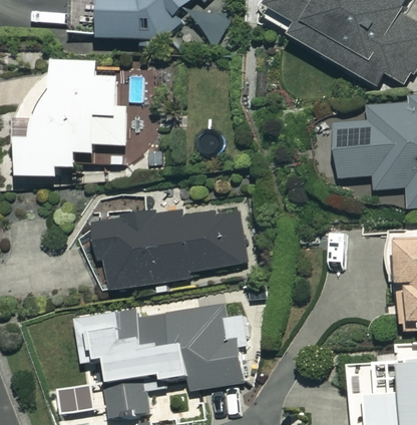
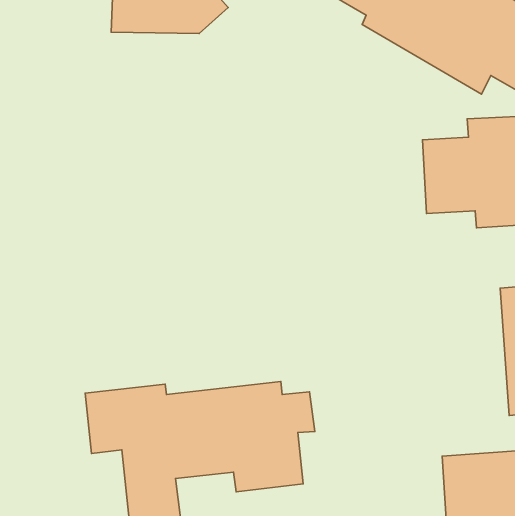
building: [14,60,125,175] -> none
building: [93,200,247,288] -> none

